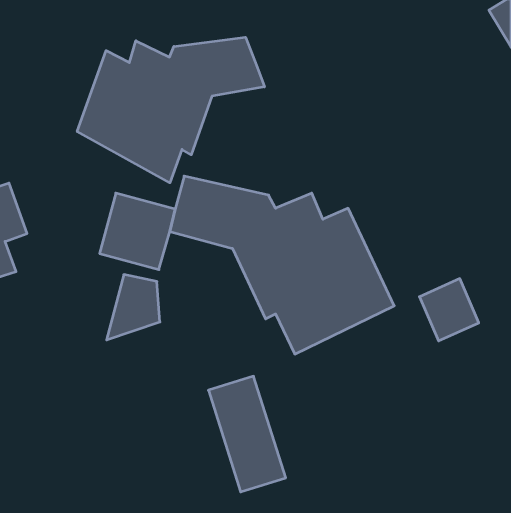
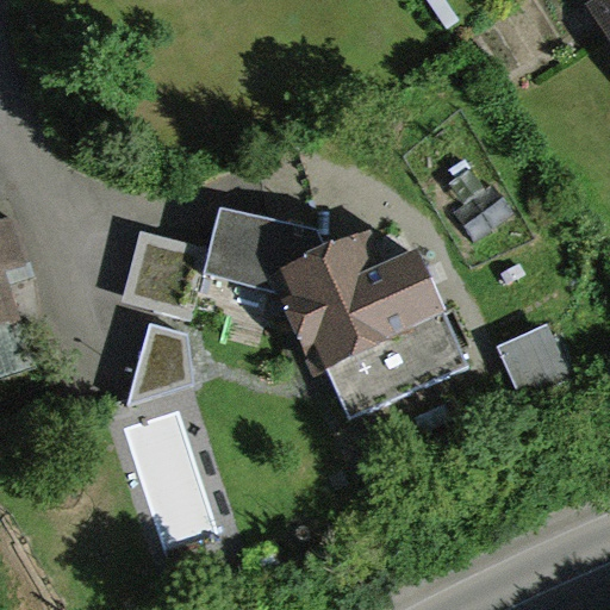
building: [77,37,264,183] -> none
building: [208,376,286,492] -> [130,411,222,548]

